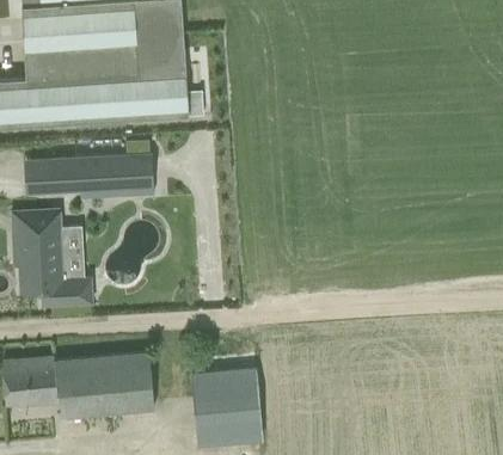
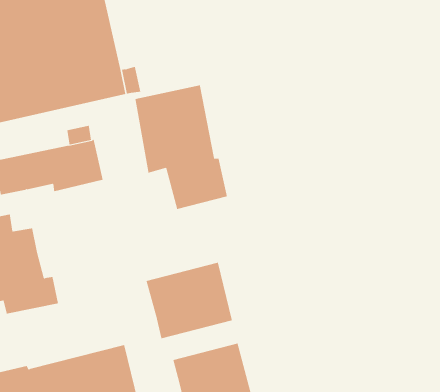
building: none -> [135,84,228,210]
building: none -> [146,262,232,339]

